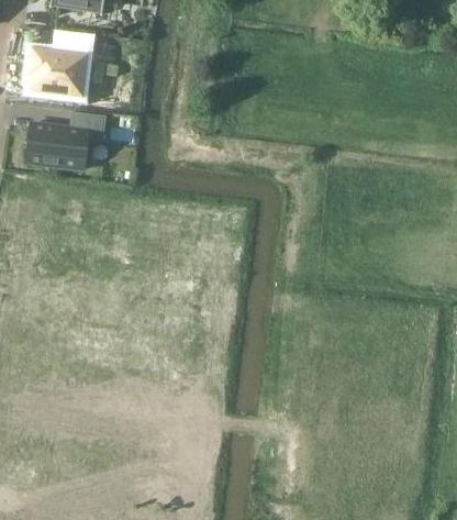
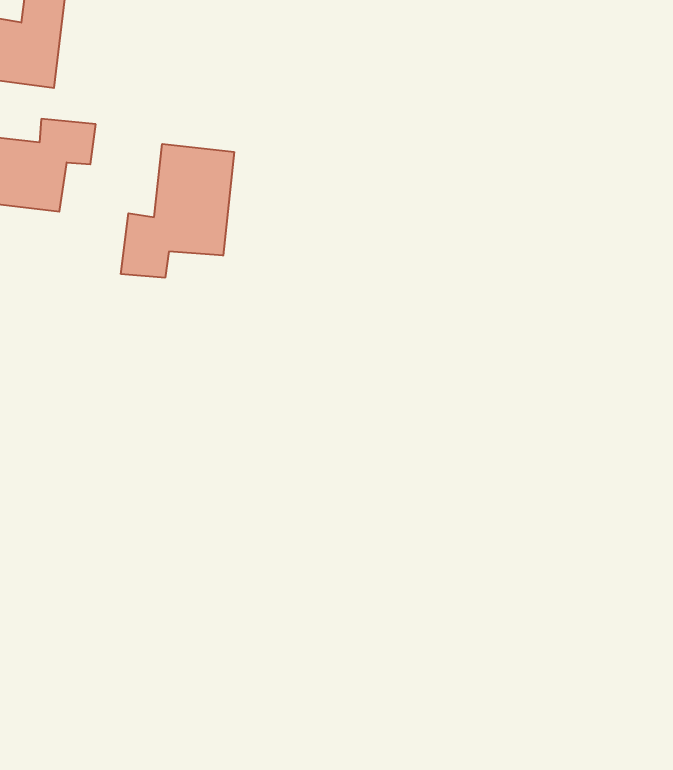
building: none -> [121,144,234,278]

